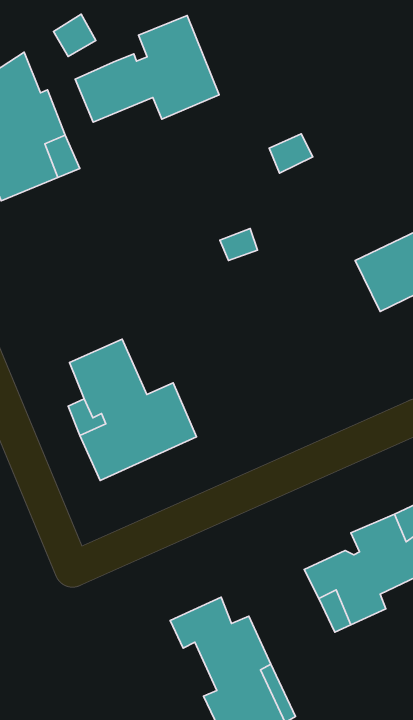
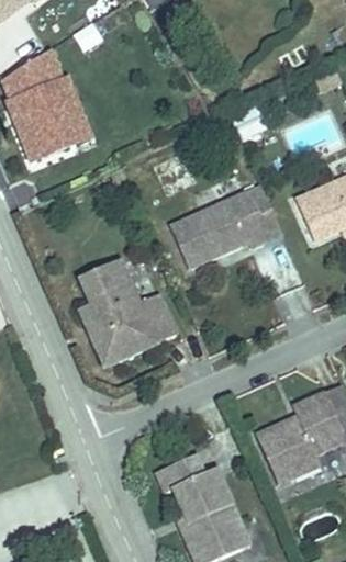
building: [75,15,219,122] -> none
building: none -> [171,187,281,268]

